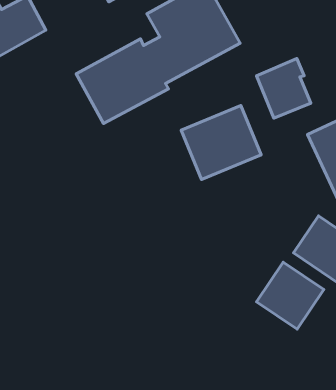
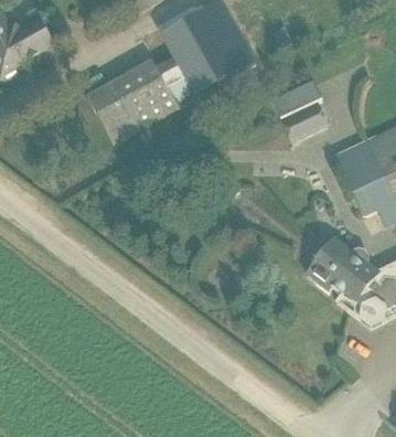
building: [181,105,261,179] -> none
building: [256,262,324,329] -> none

